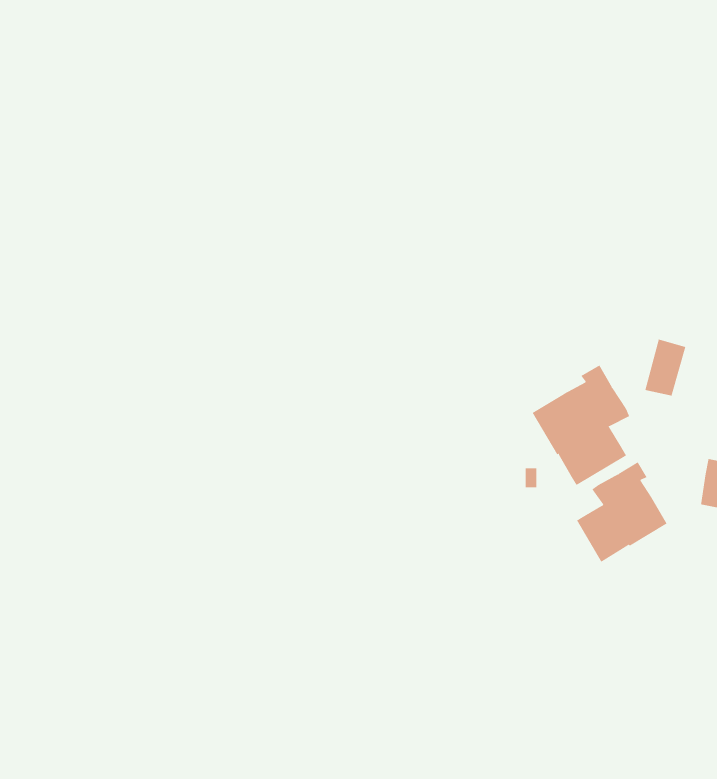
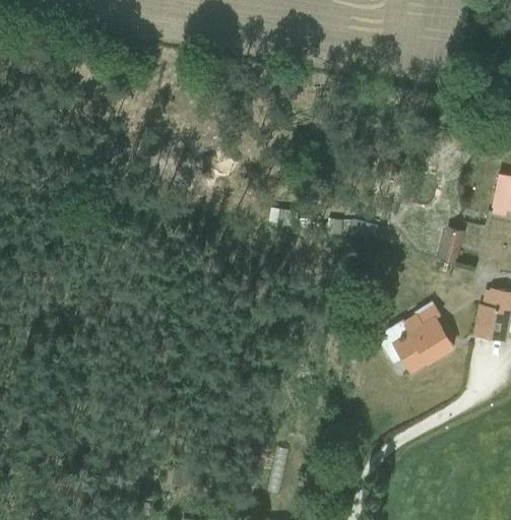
building: [532,364,630,486] -> none

